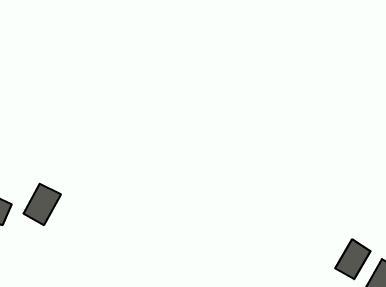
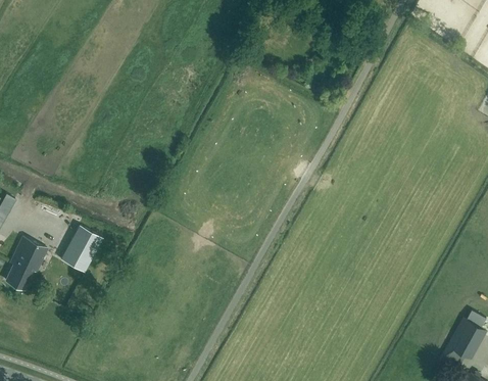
building: [335,239,371,279] -> none

